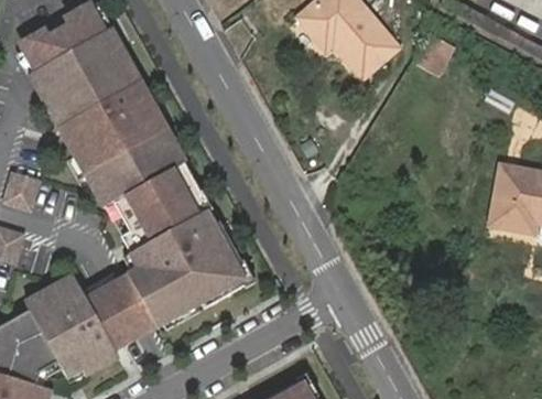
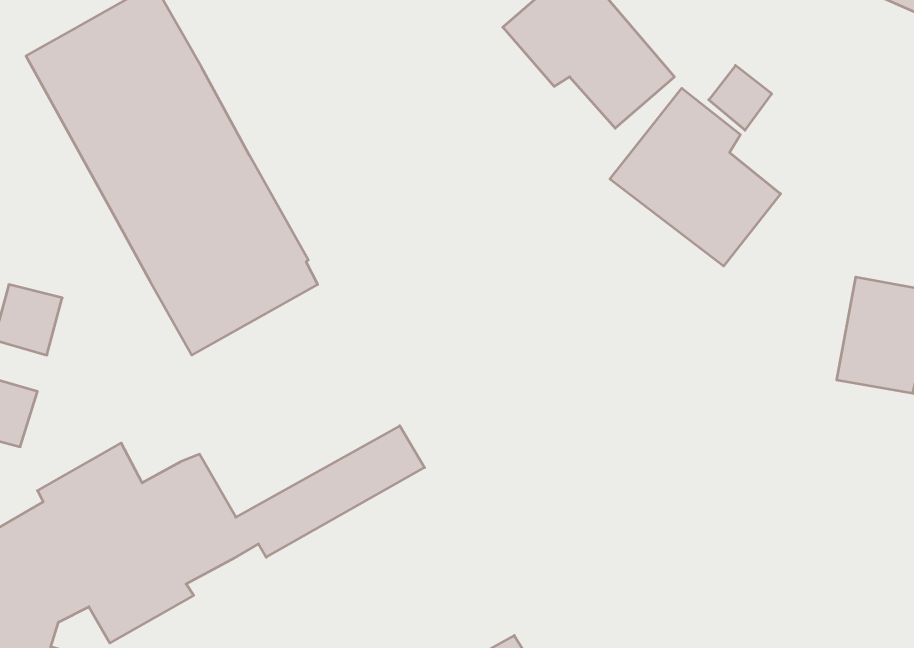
building: none -> [610,88,781,266]
building: [117,173,237,308] -> none

